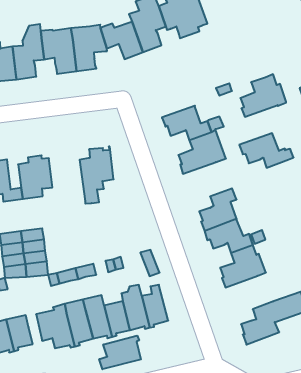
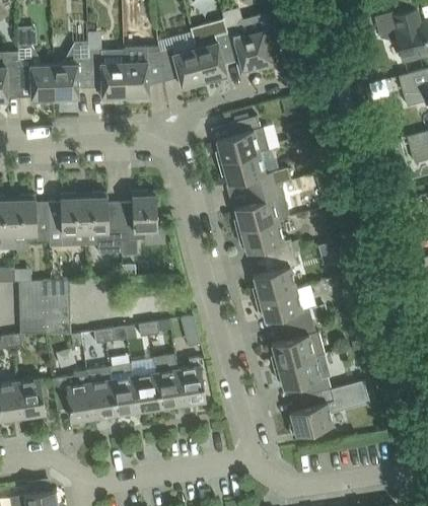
building: [240,74,286,117] -> [216,117,269,163]
building: [239,133,294,168] -> [237,221,299,261]
building: none -> [83,194,121,254]
building: none -> [275,355,330,396]
building: [99,336,141,369] -> none

